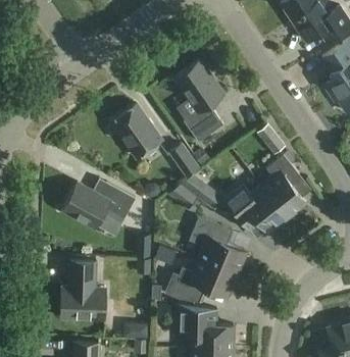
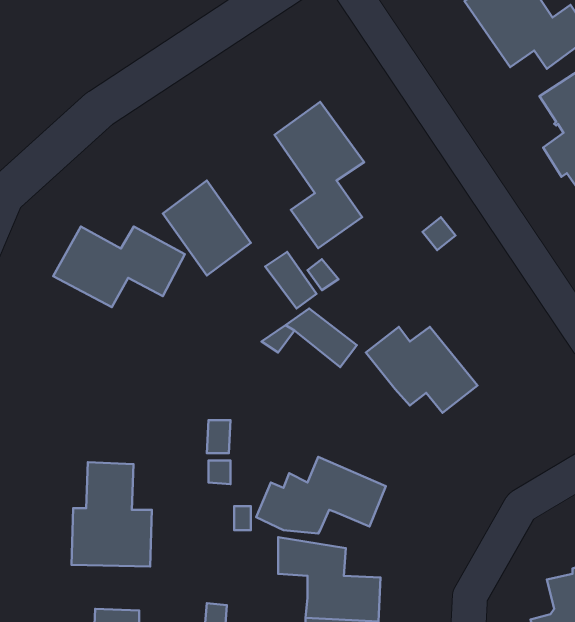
building: [261,154,306,218] -> none
building: [62,183,136,227] -> [53,227,185,307]
building: [189,216,247,274] -> none

